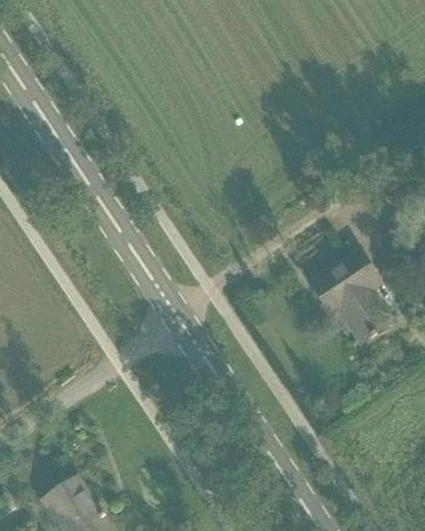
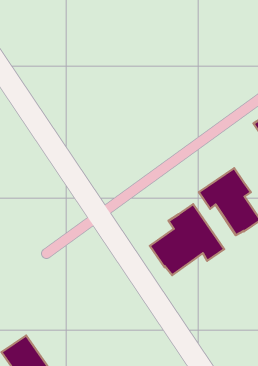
building: none -> [150,204,224,275]

